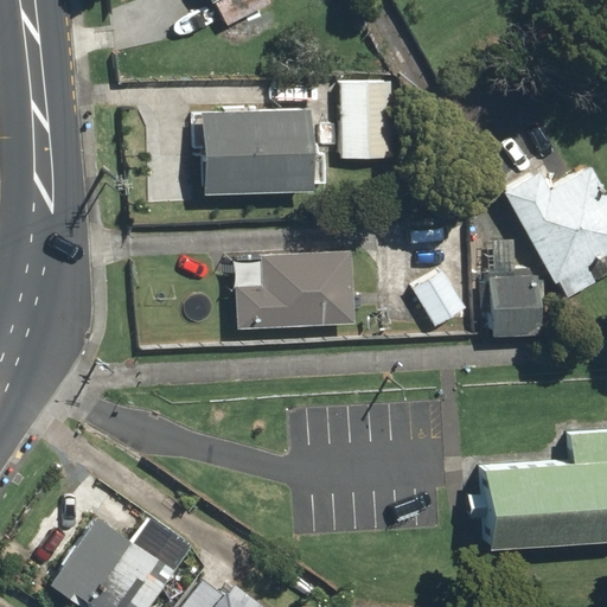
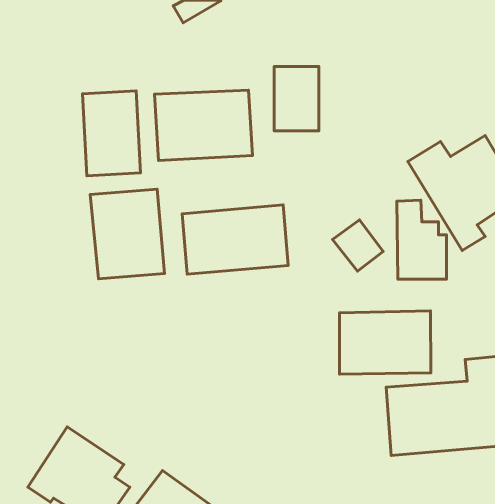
building: none -> [82,91,141,176]
building: none -> [90,189,165,279]
building: none -> [339,311,431,374]

